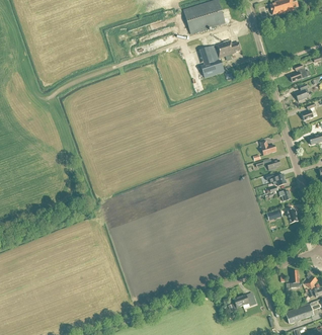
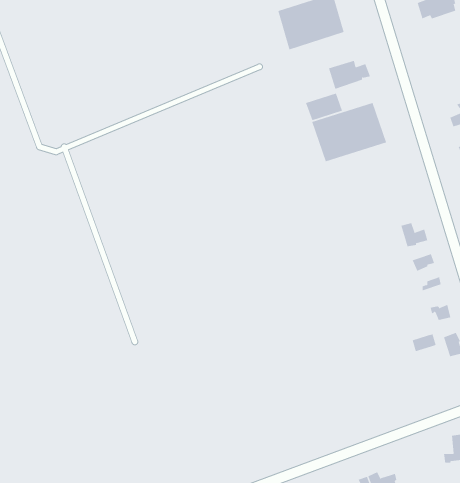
building: none -> [311,102,387,162]

